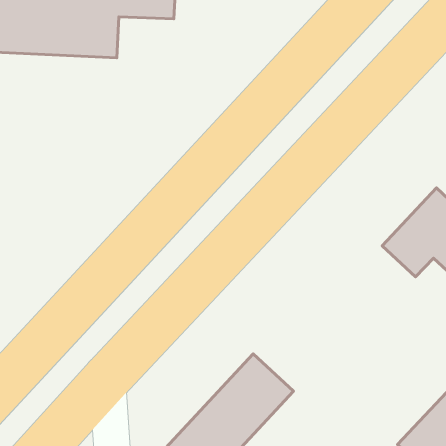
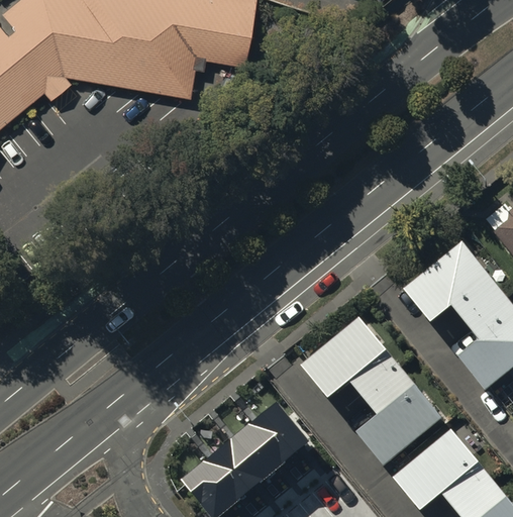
building: none -> [309,327,449,476]

